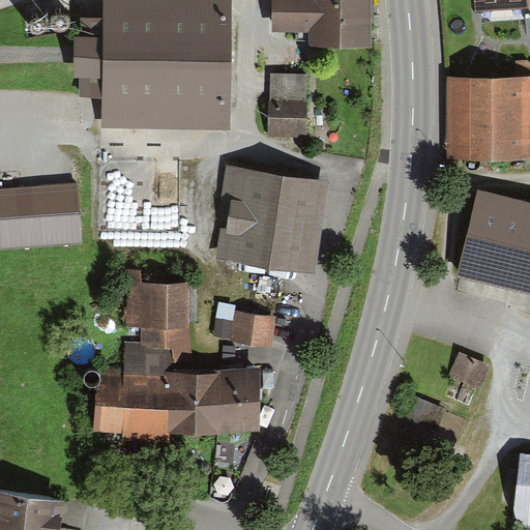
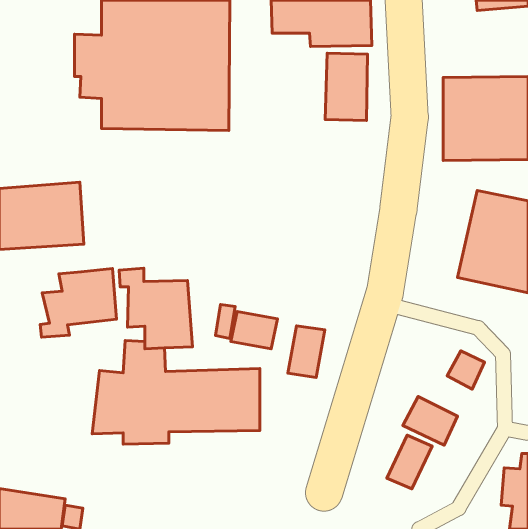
building: [268,73,311,141] -> [325,53,368,120]
building: [217,166,331,273] -> none
building: none -> [40,268,117,337]
building: none -> [288,326,325,377]
building: none -> [387,435,432,489]

